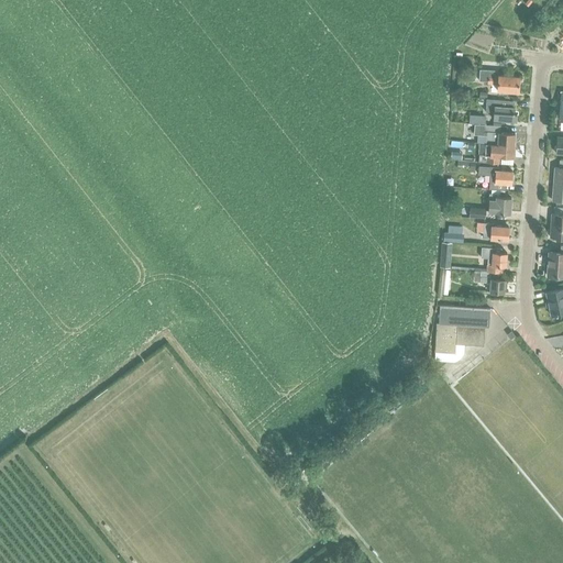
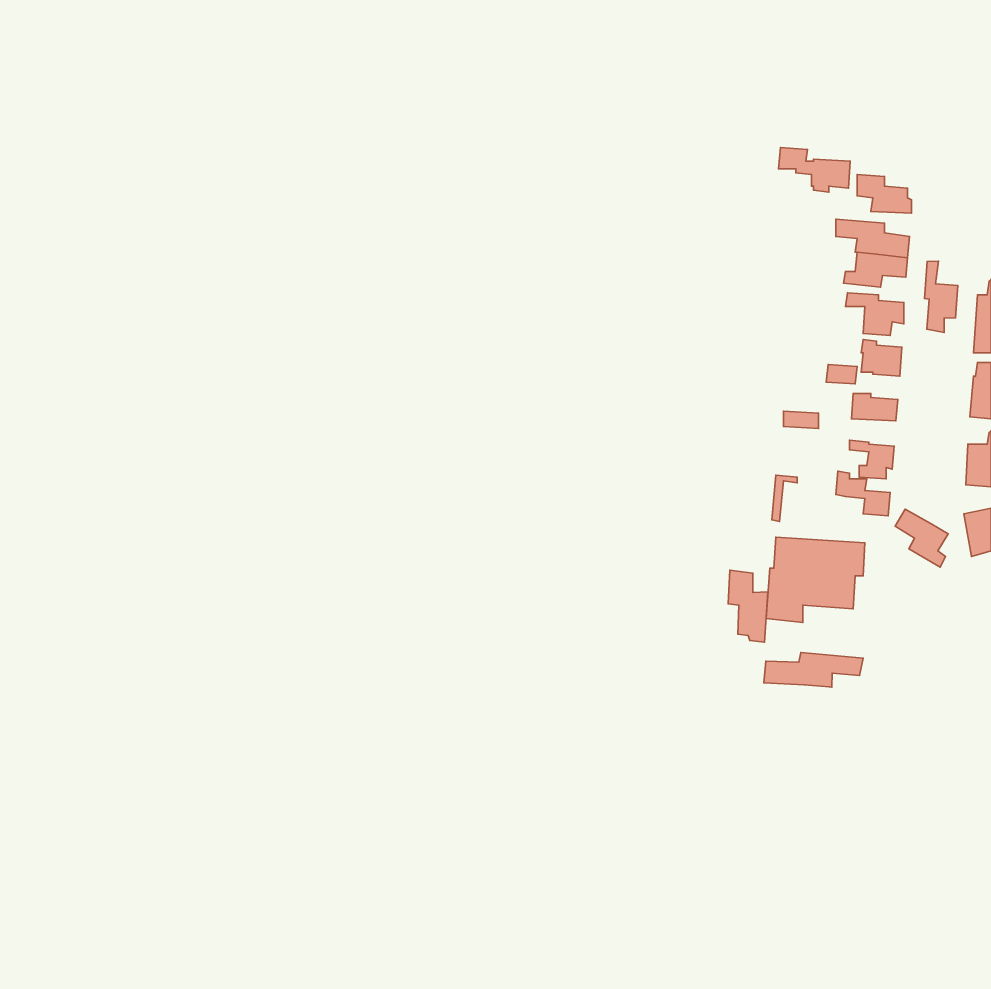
building: [478,69,519,95] -> [779,147,850,192]
building: none -> [924,261,958,332]
building: none -> [895,509,948,567]
building: none -> [728,570,768,642]
building: none -> [764,653,863,687]

